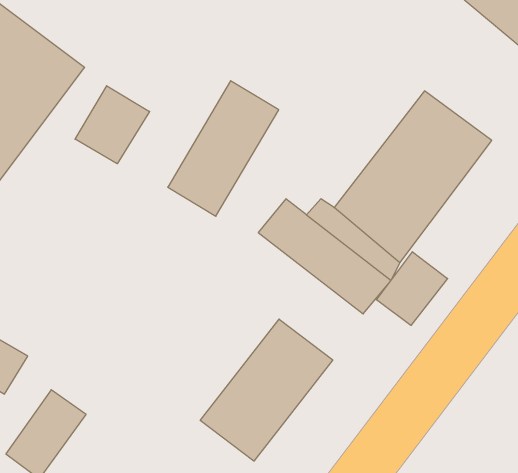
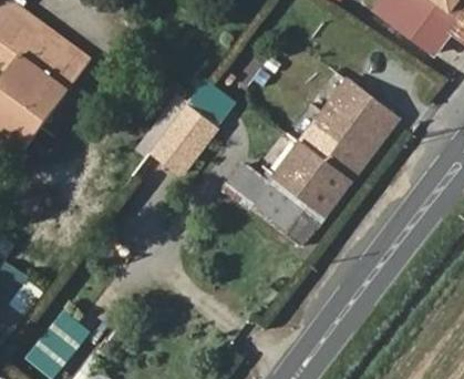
building: [75,86,150,164] -> none
building: [376,252,448,325] -> none
building: [200,319,333,461] -> none

